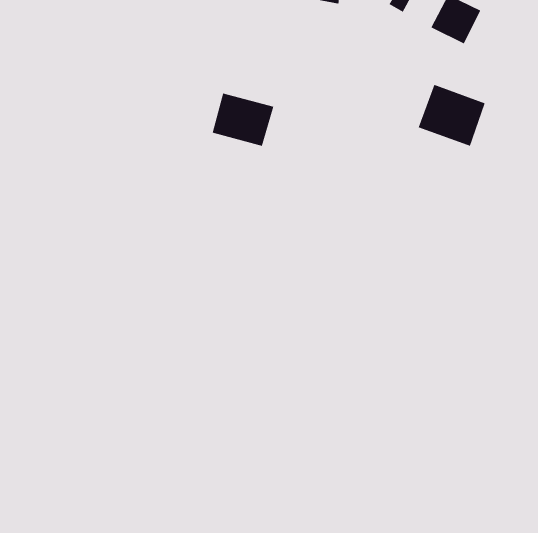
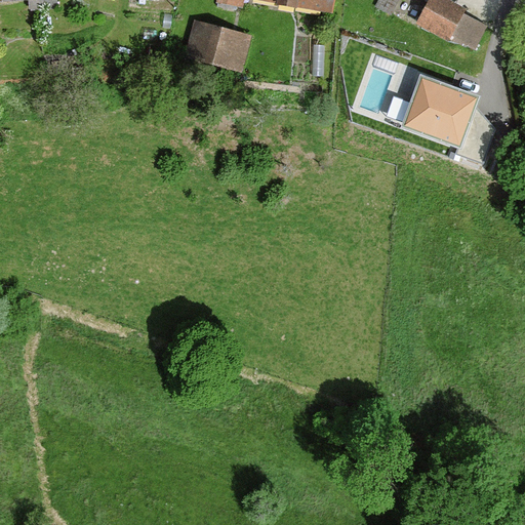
building: [212,93,274,147] -> [187,15,247,68]

